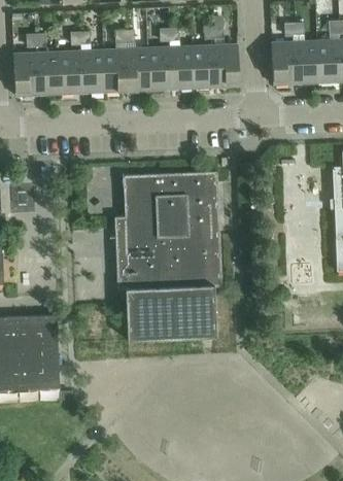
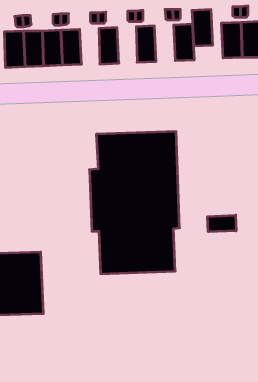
building: [192,44,216,88] -> [192,10,213,46]
building: [147,46,171,90] -> none
building: [103,48,127,91] -> none
building: none -> [208,215,236,232]

